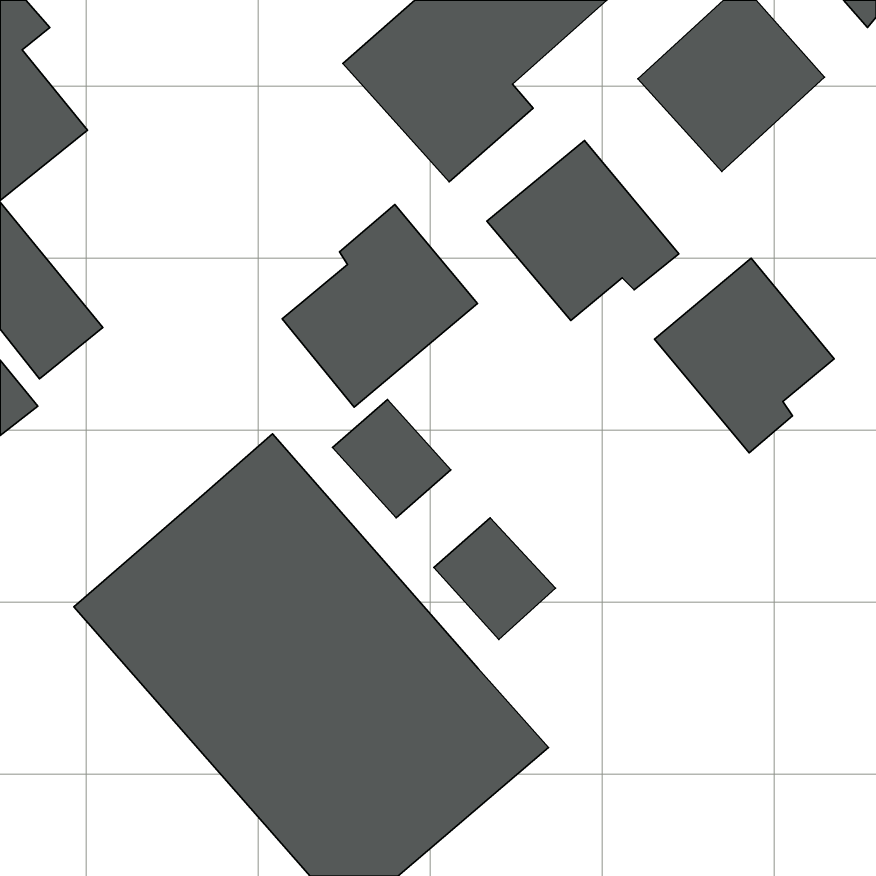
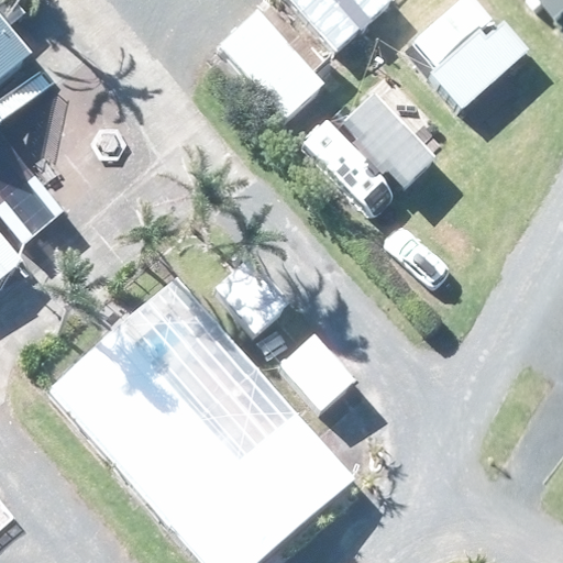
building: [282,205,477,407] -> none
building: [655,258,834,453] -> none

